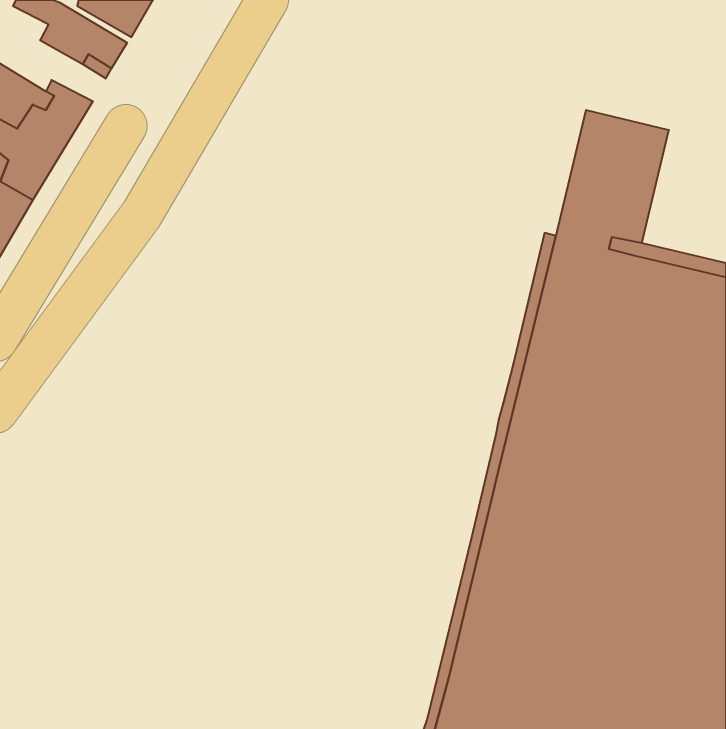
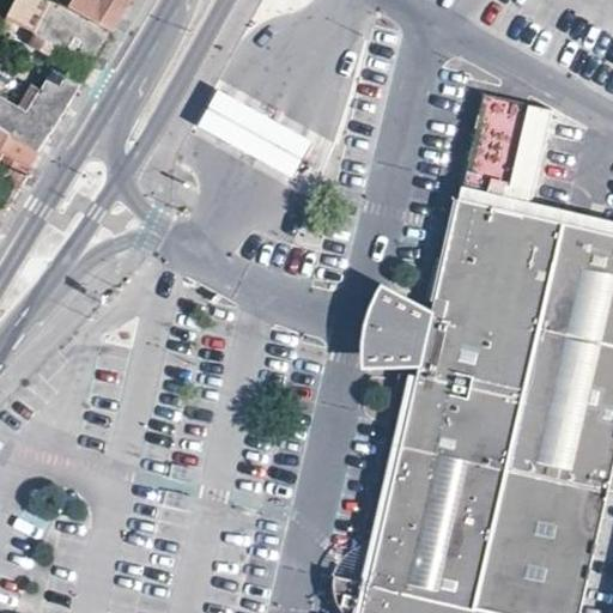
building: none -> [200,98,306,178]
building: none -> [360,280,430,366]

